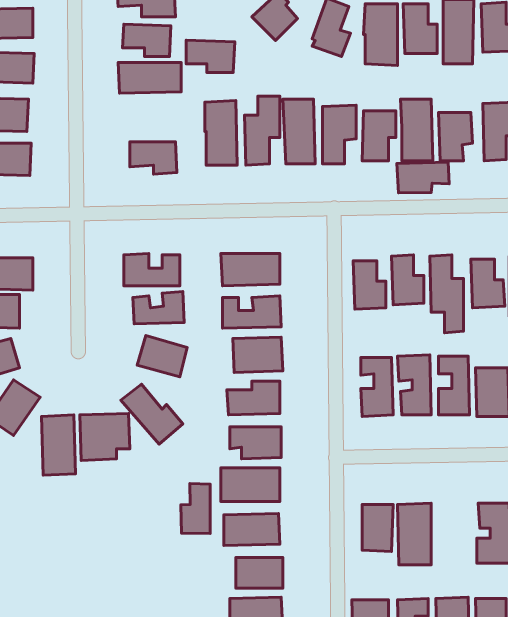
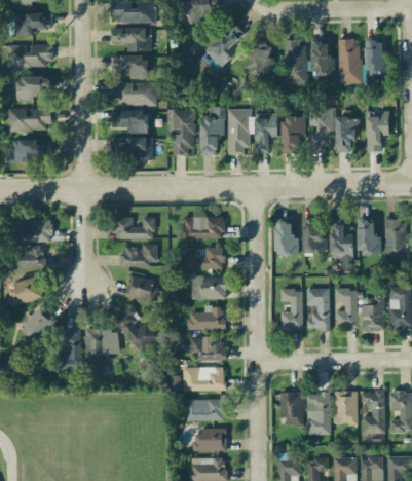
building: [186,40,235,73] -> [114,111,148,134]
building: [397,162,449,193] -> none
building: [181,484,210,534] -> none
building: none -> [334,391,358,424]

